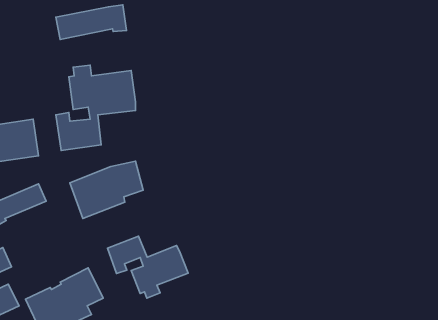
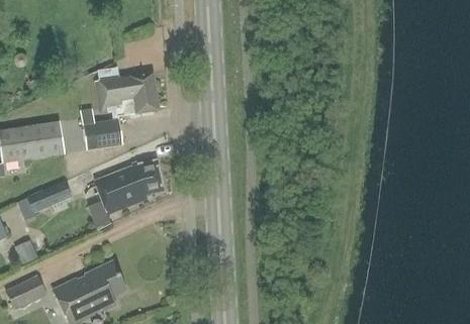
building: [56,5,126,39] -> none
building: [107,236,188,298] -> none

